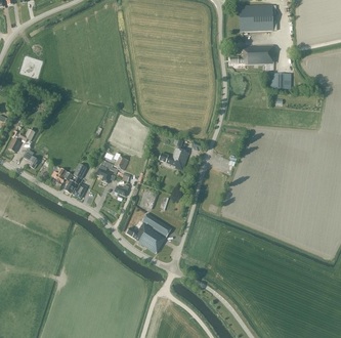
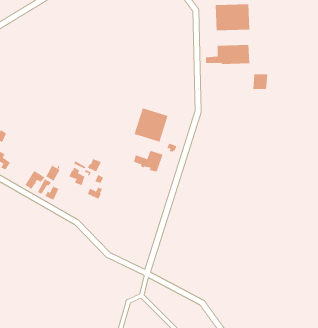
building: none -> [134,108,168,142]
building: [126,212,171,252] -> none

